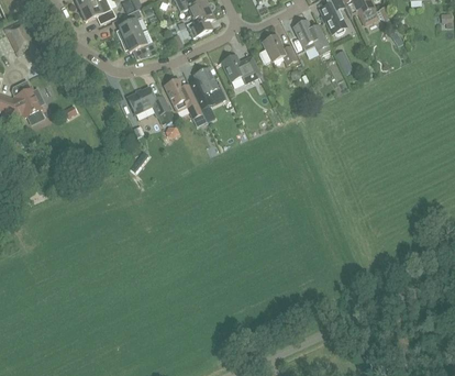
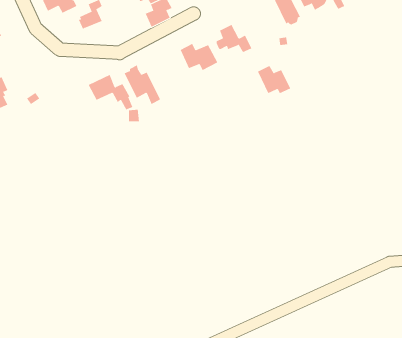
building: [292,20,328,49] -> [257,65,291,94]
building: [120,31,156,57] -> none
building: [189,67,224,108] -> none

